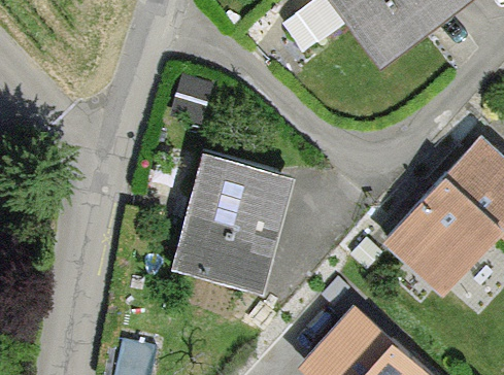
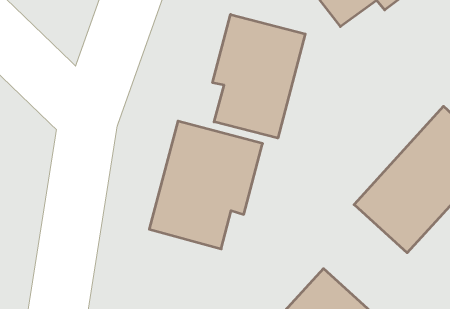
building: none -> [213,14,305,138]

